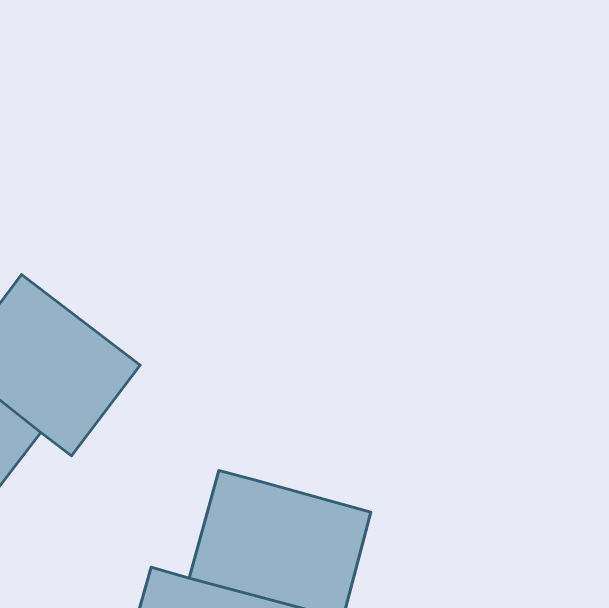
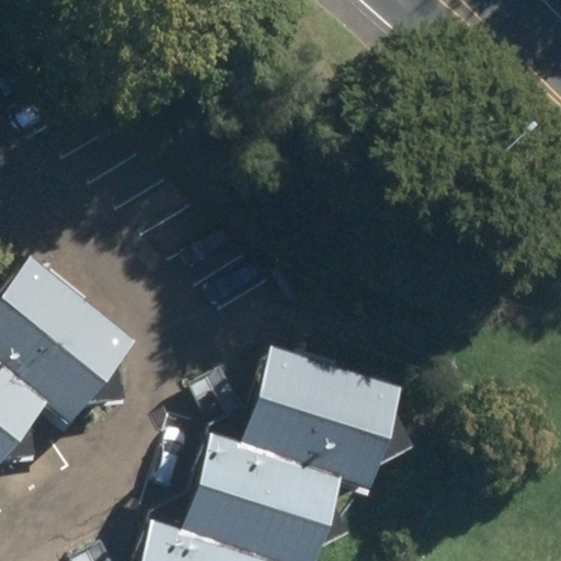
building: none -> [239,346,404,483]

